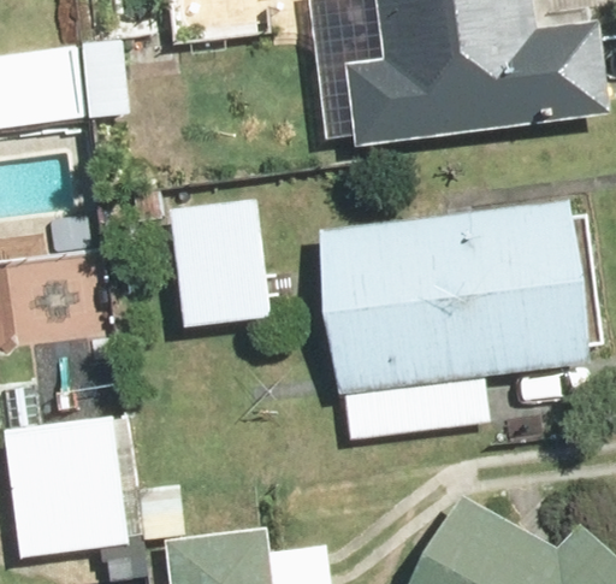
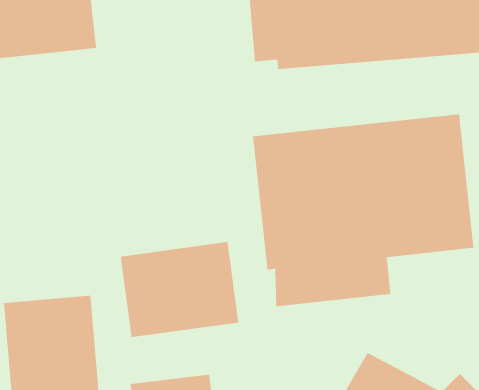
building: [160,191,284,336] -> none
building: none -> [120,241,239,338]

